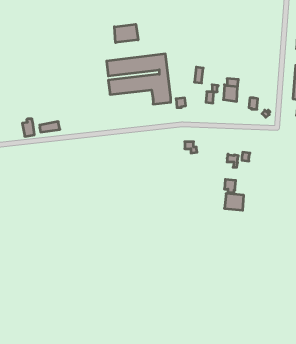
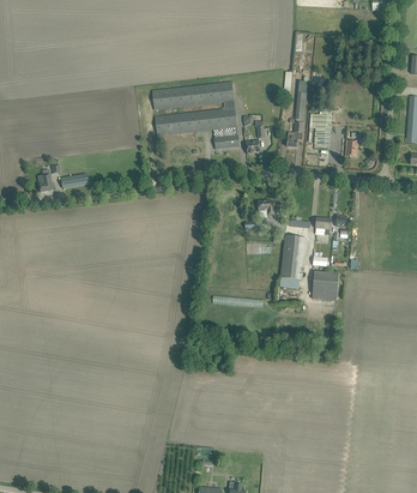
building: [114,24,138,43] -> none
building: none -> [280,235,307,279]

